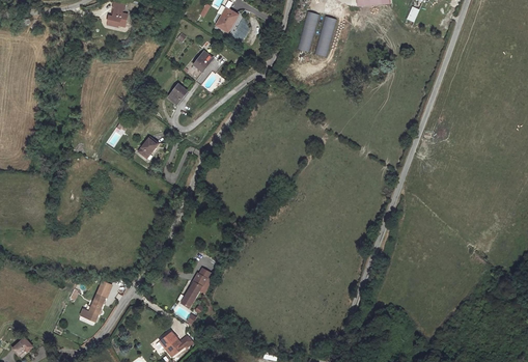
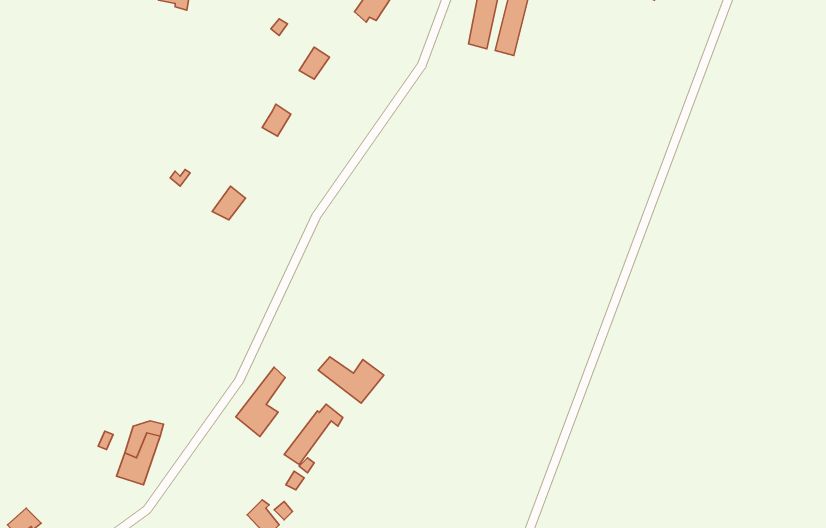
building: none -> [318,357,384,403]
building: none -> [236,367,285,436]

